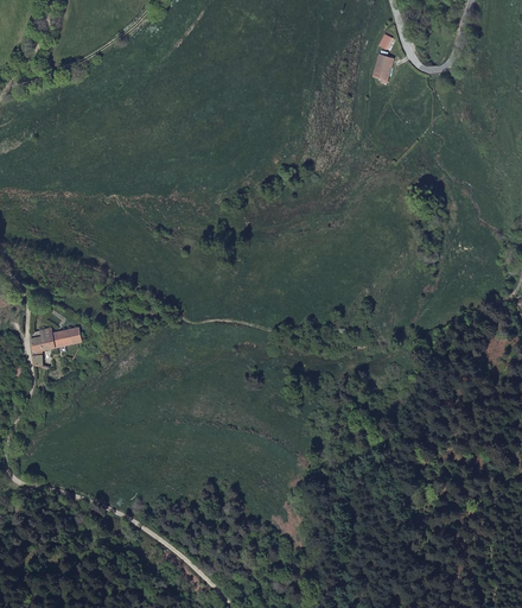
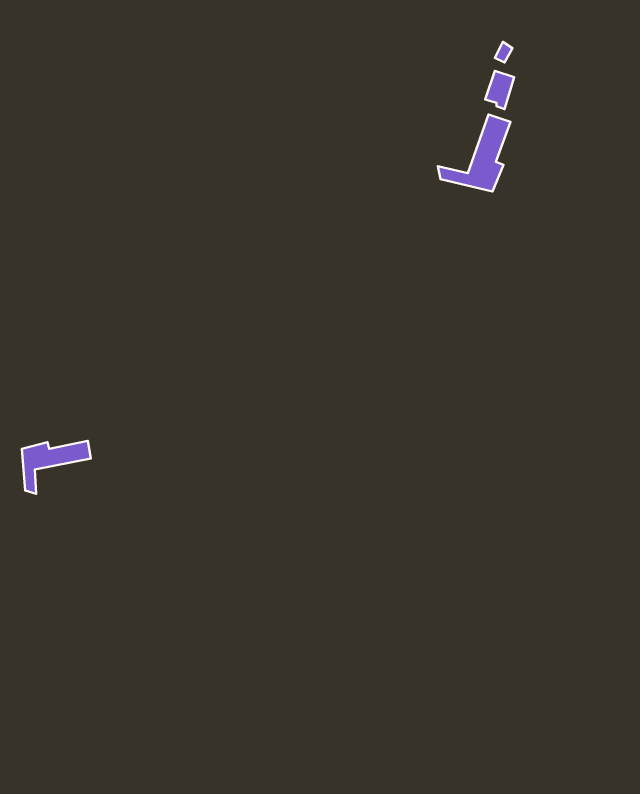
building: none -> [438,114,510,191]

